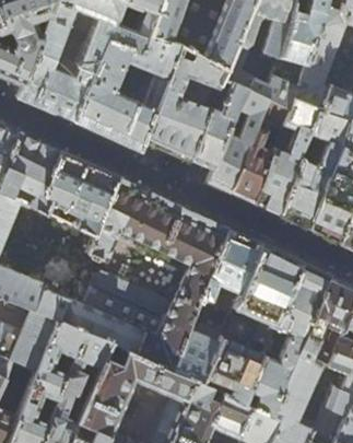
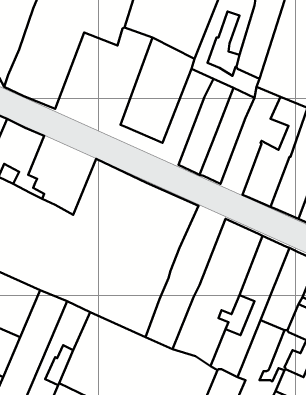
building: [73,34,179,153] -> none
building: [190,79,246,170] -> none
building: [254,98,319,217] -> none
building: [44,152,118,238] -> none
building: [197,229,259,315] -> none
building: [172,324,224,385] -> none

